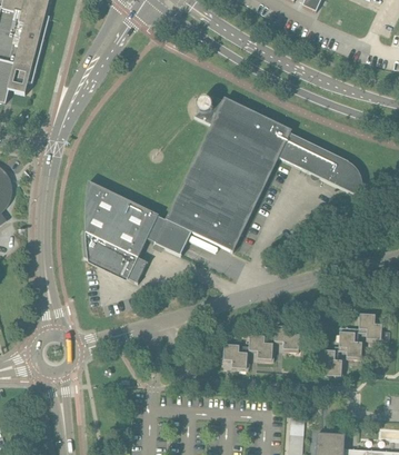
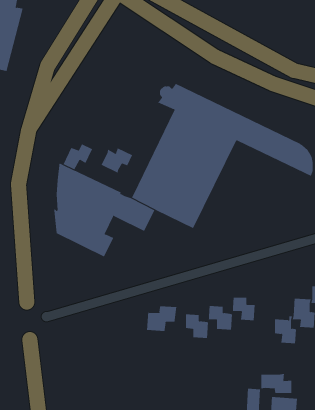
building: none -> [63,144,93,170]
building: none -> [101,148,133,173]
building: none -> [147,305,177,332]
building: none -> [261,373,292,394]

